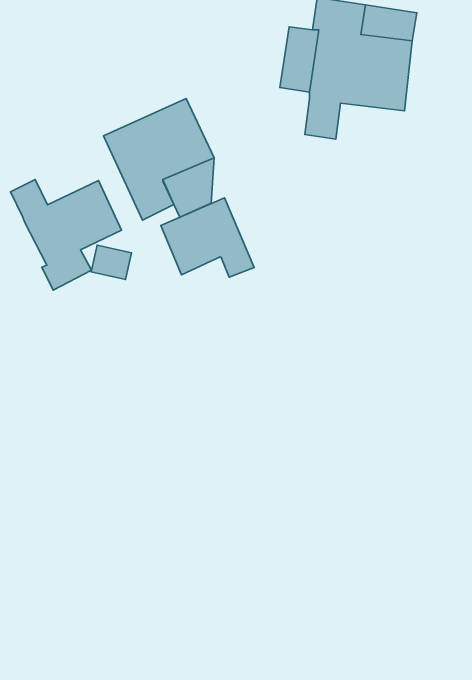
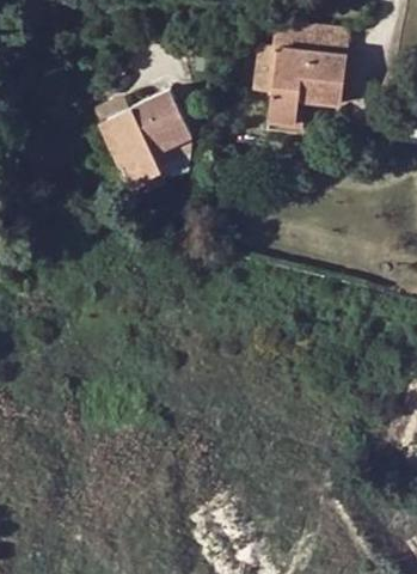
building: [11,179,122,290] -> none
building: [161,198,254,277] -> none

